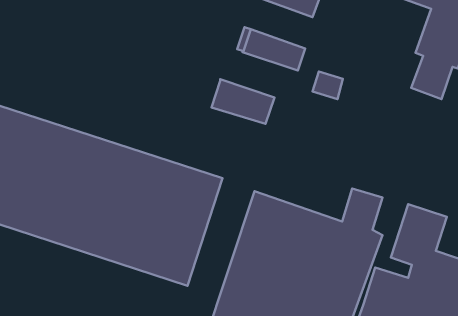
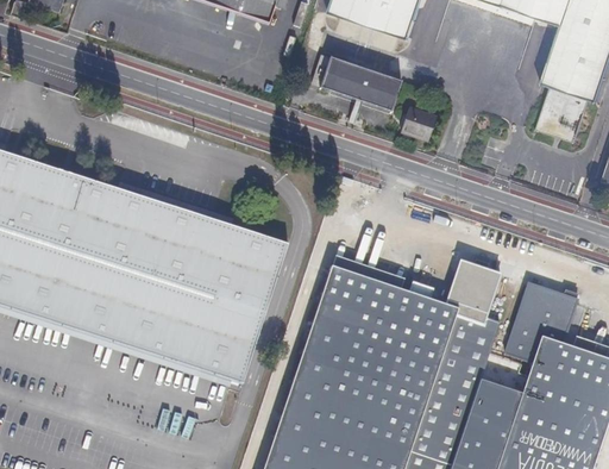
building: [211,79,274,124] -> none

